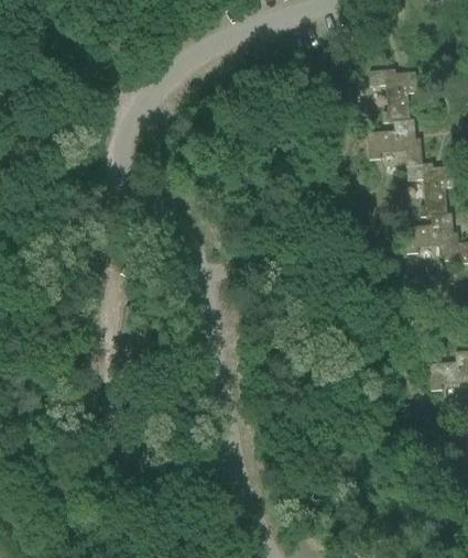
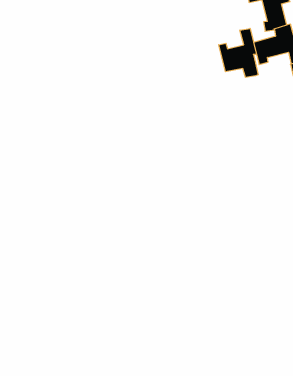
building: none -> [219,28,258,77]

